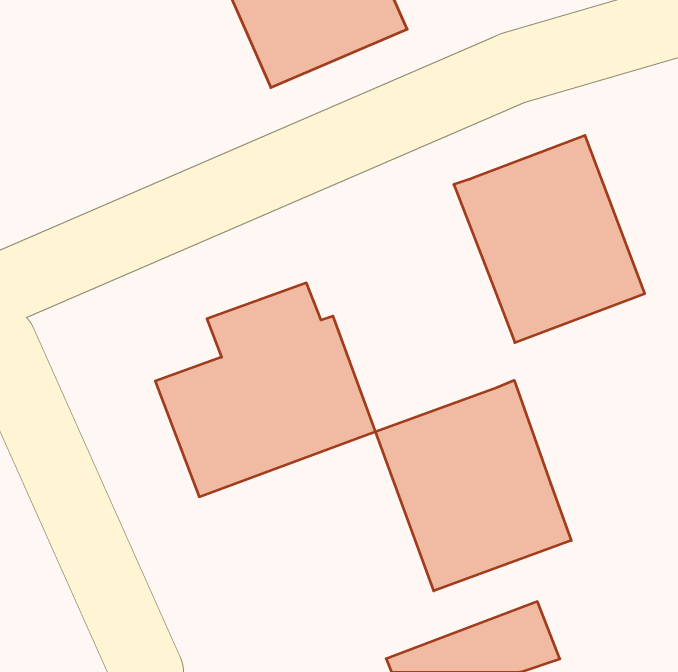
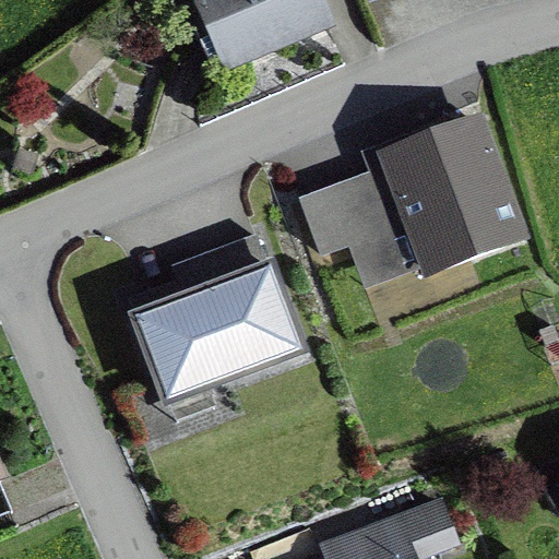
building: none -> [298,140,409,288]
building: [375,380,571,591] -> none

